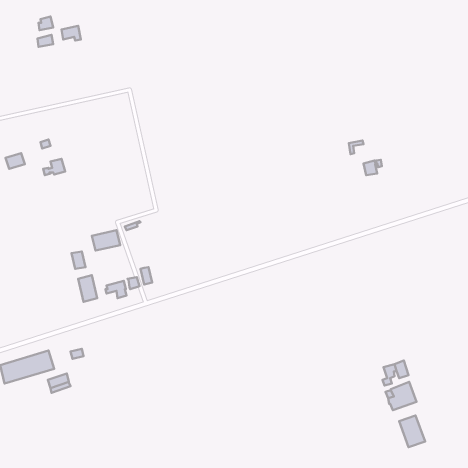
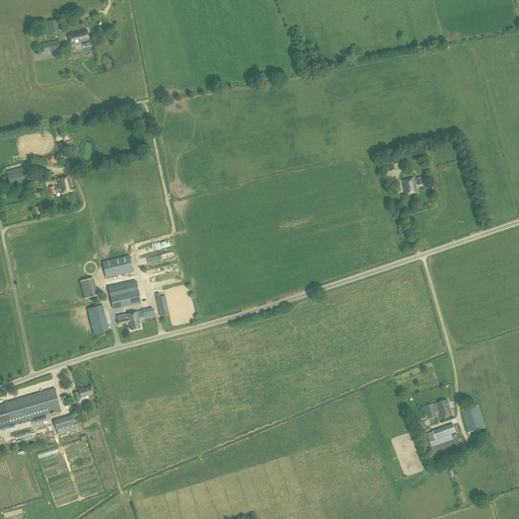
building: none -> [106,275,140,307]
building: none -> [460,403,485,432]
building: [399,416,425,447] -> none

